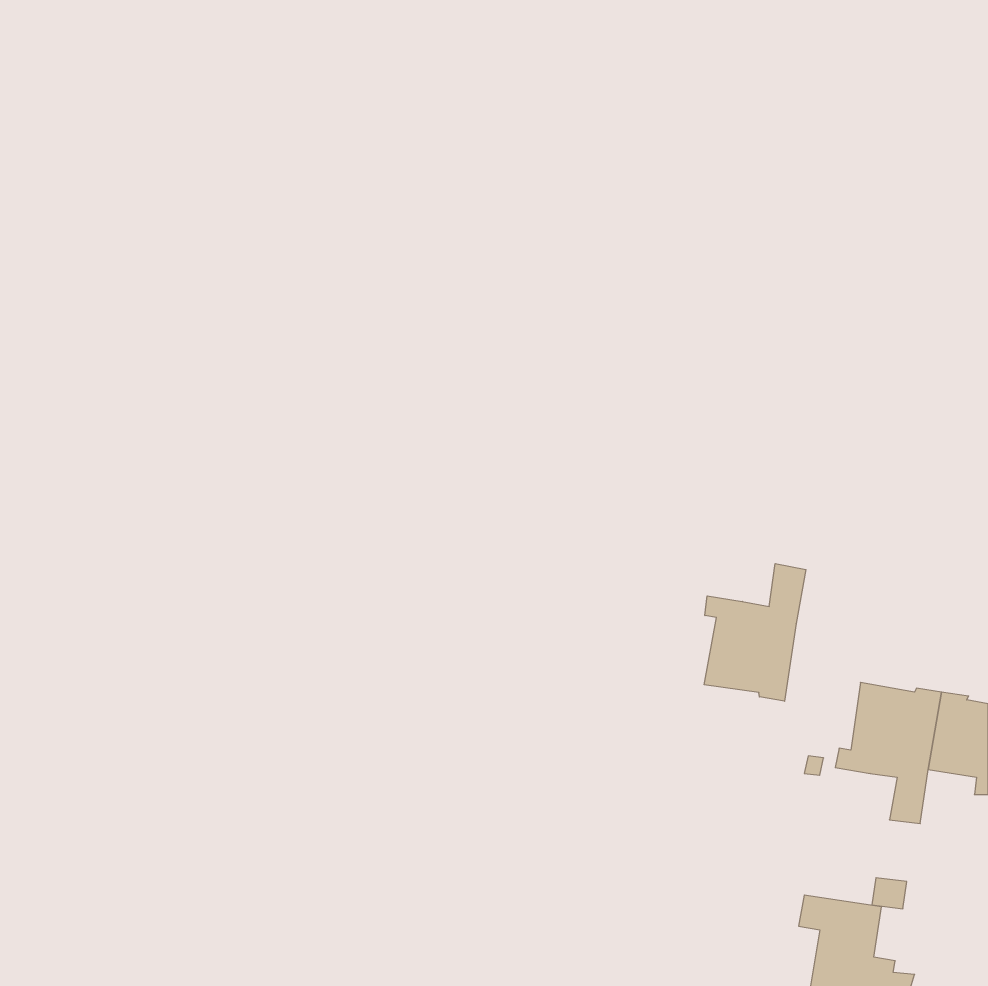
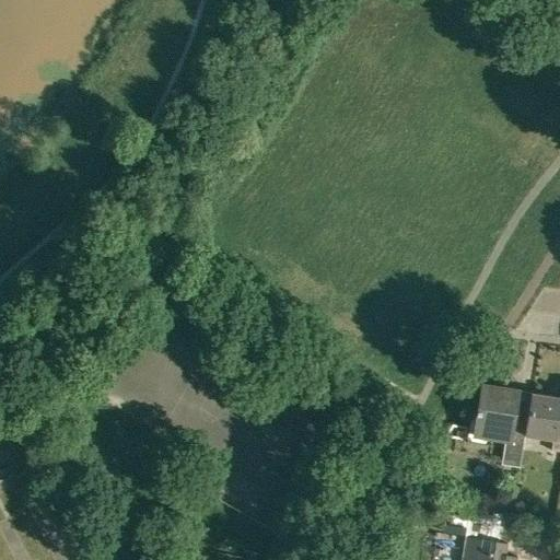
building: [704,564,806,701] -> none

